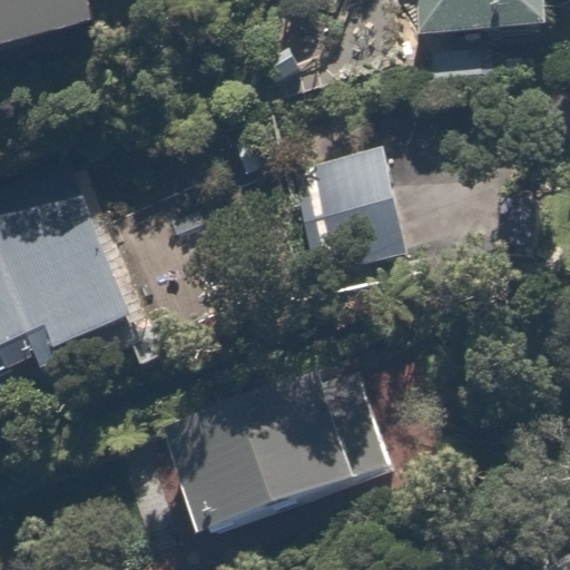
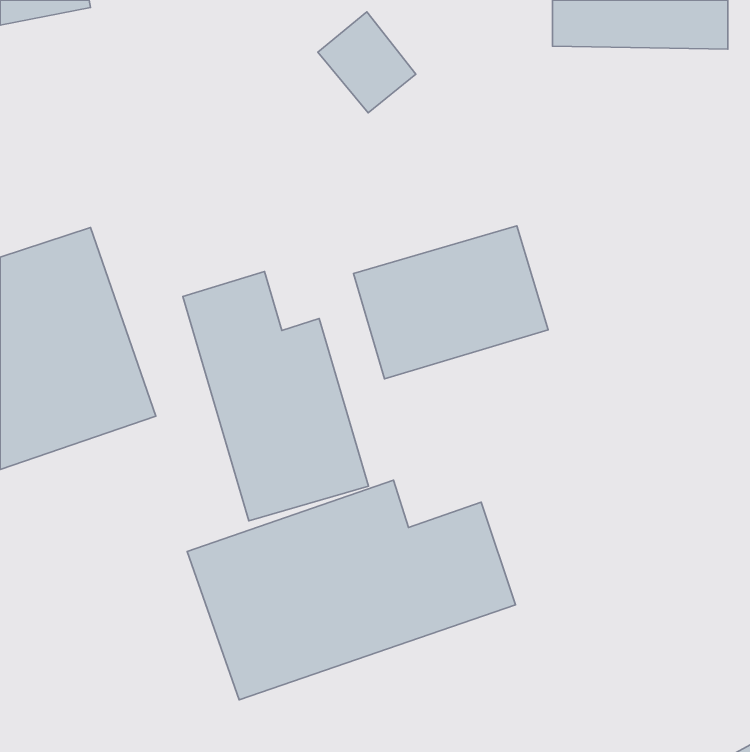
building: none -> [183,271,368,521]

